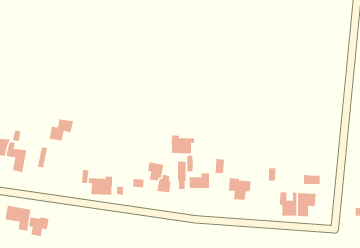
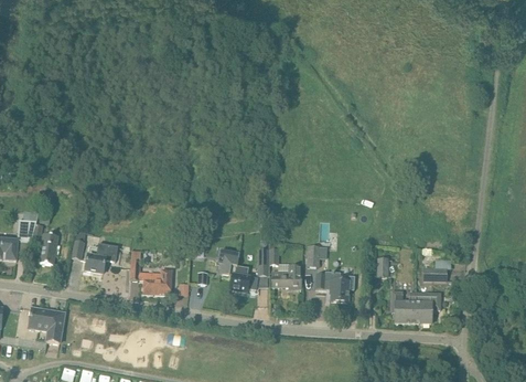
building: [49,119,74,141] -> [85,243,118,273]
building: [171,133,195,154] -> none
building: [29,216,49,237] -> none

